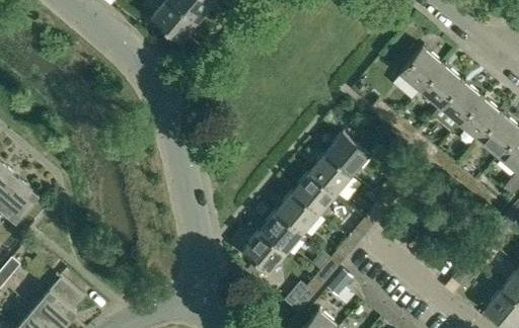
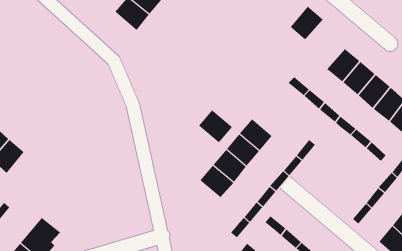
building: [399,48,442,91] -> [290,6,323,41]
building: [324,133,368,175] -> [198,110,233,143]
building: [242,231,285,273] -> none

